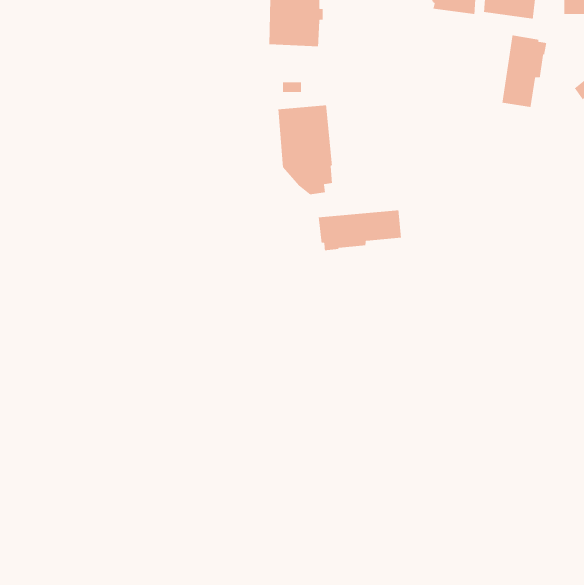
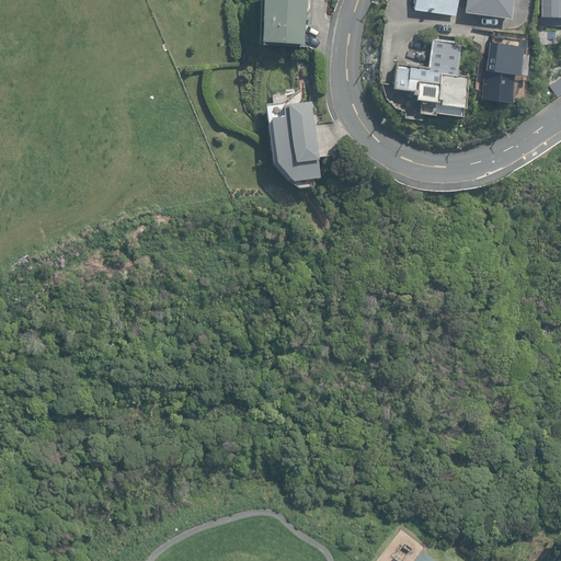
building: none -> [396,37,471,116]
building: [318,210,402,251] -> none

